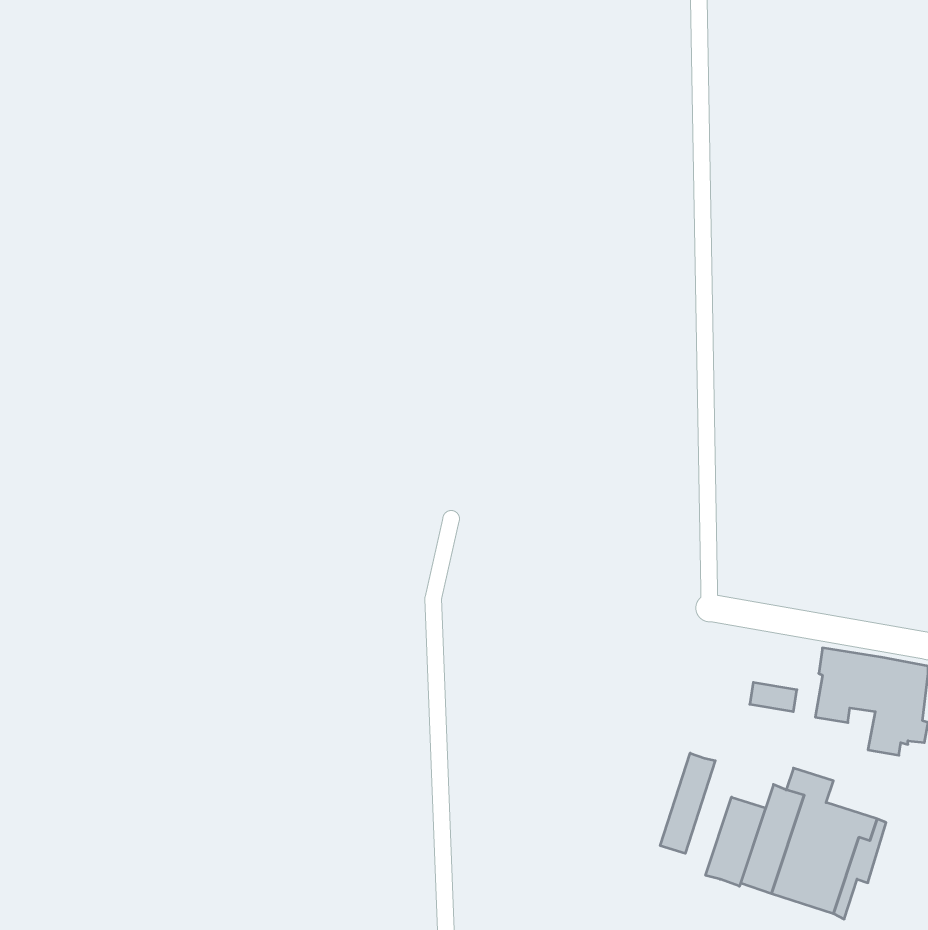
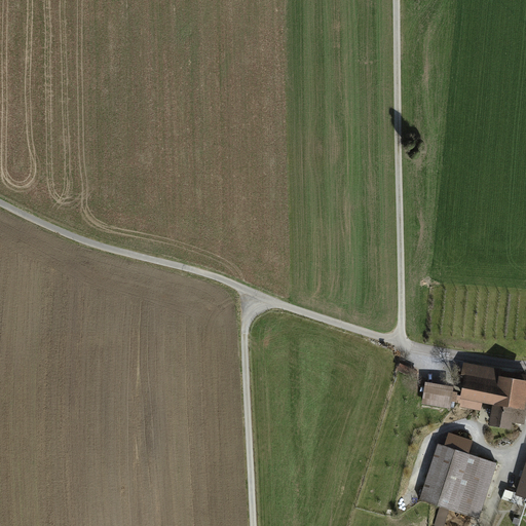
building: [660,753,715,853] -> none
building: [706,797,766,886] -> none

